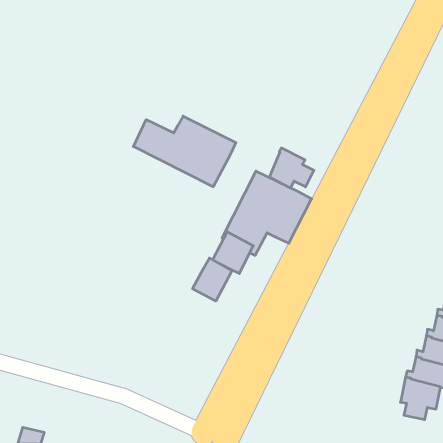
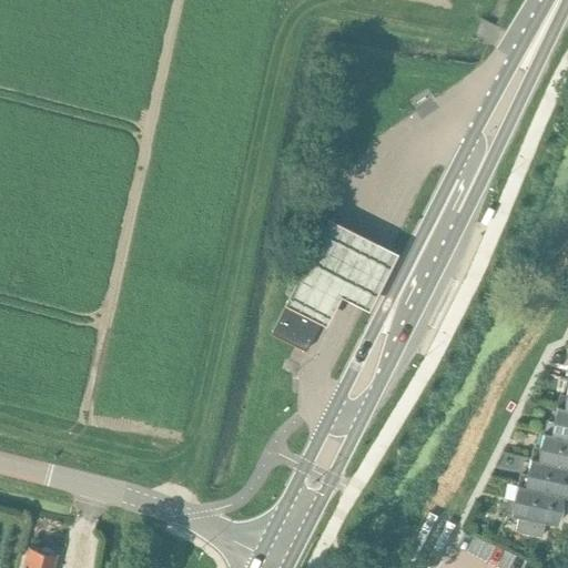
building: [133,116,236,187] -> none
building: [269,148,314,188] -> none
building: [193,258,232,301] -> none

